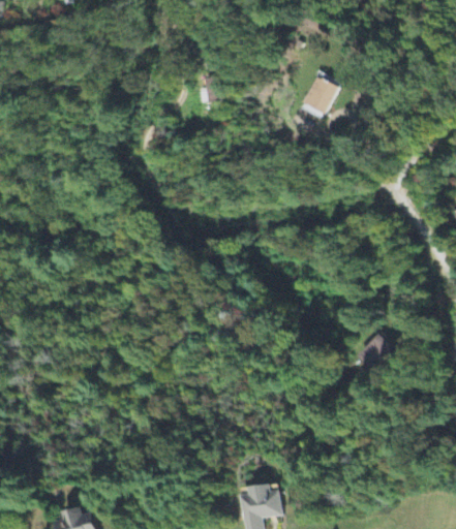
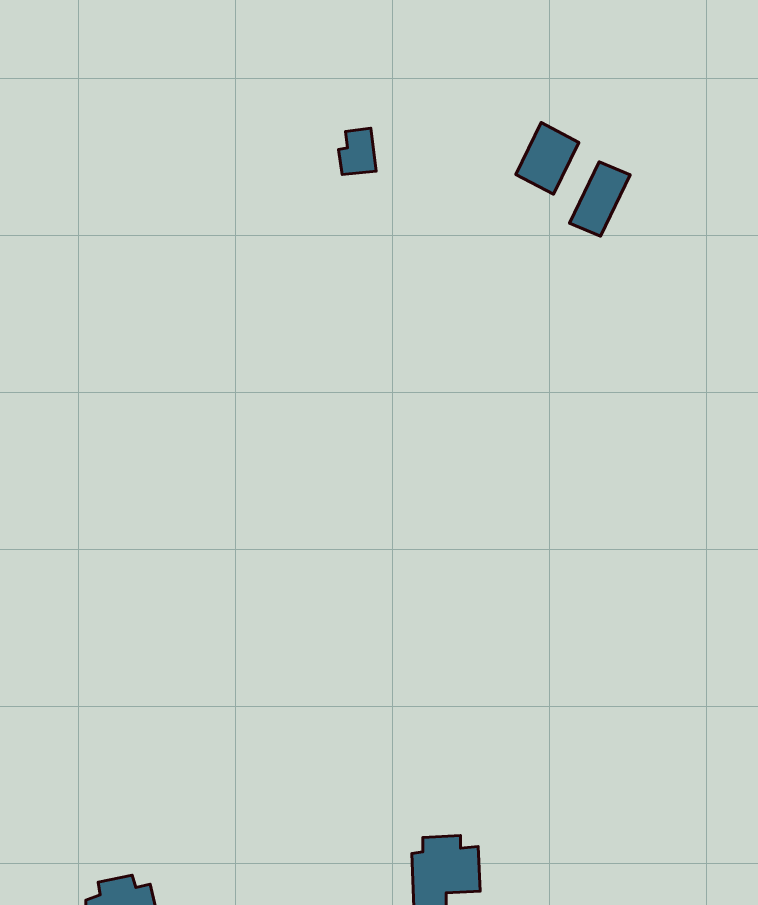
building: none -> [570,162,630,236]
building: [357,335,394,374] -> none

